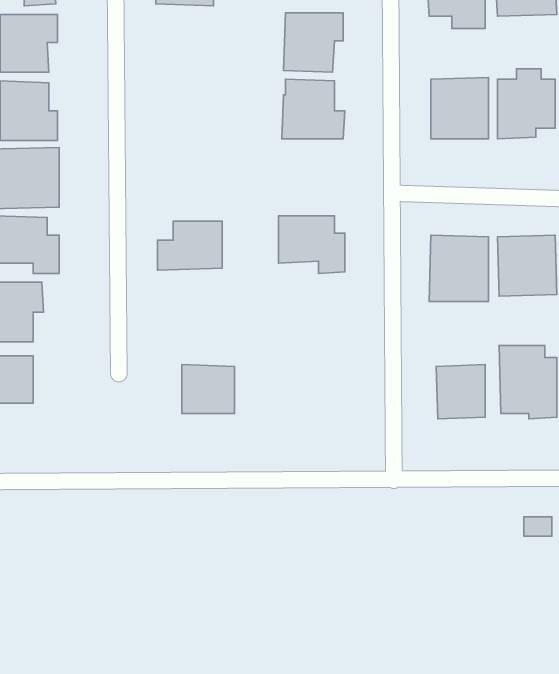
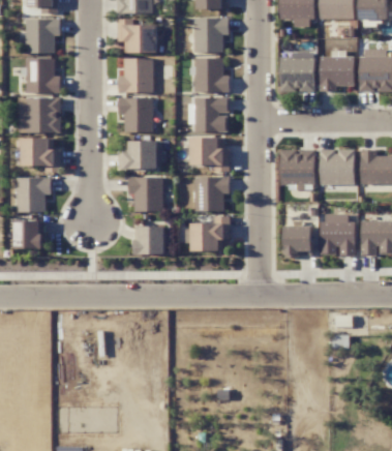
building: none -> [117,19,156,53]
building: none -> [118,58,152,93]
building: none -> [118,97,152,132]
building: none -> [193,97,229,131]
building: none -> [127,177,162,211]
building: none -> [193,177,229,211]
building: none -> [190,216,230,251]

